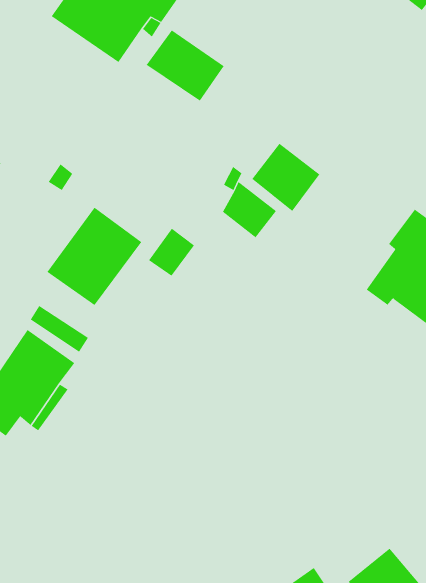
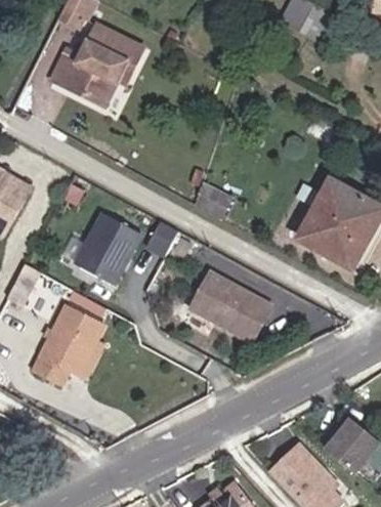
building: [146,29,225,101] -> none
building: [251,143,320,212] -> none
building: none -> [189,269,272,340]

